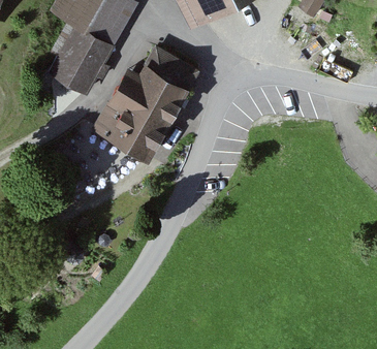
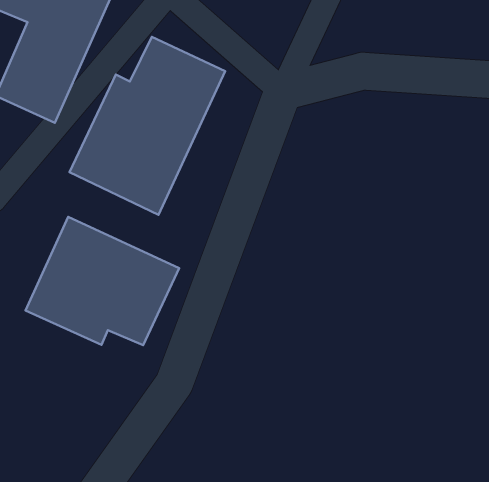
building: none -> [25,217,179,345]

